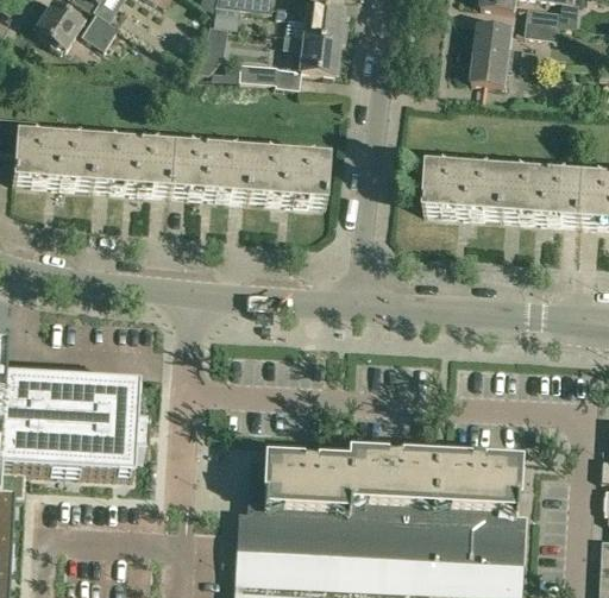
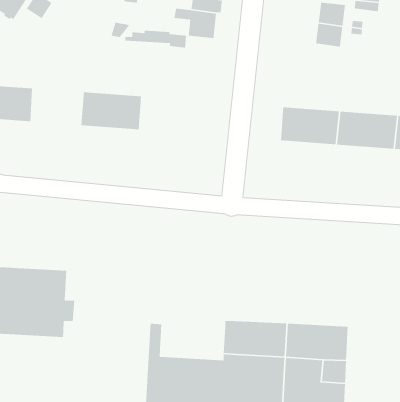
building: [89,134,159,185] -> none
building: [236,145,329,197] -> none
building: [264,453,351,502] -> none

